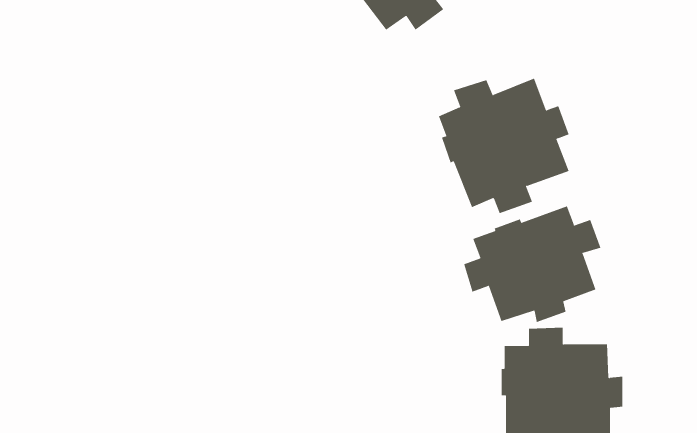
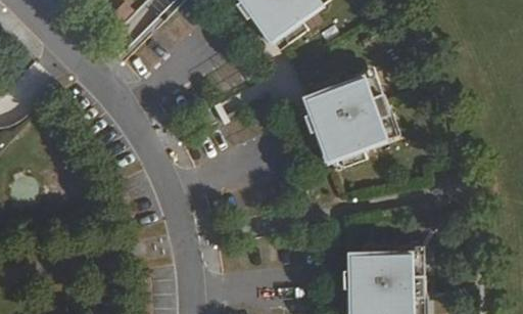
building: [464,205,601,323] -> none

